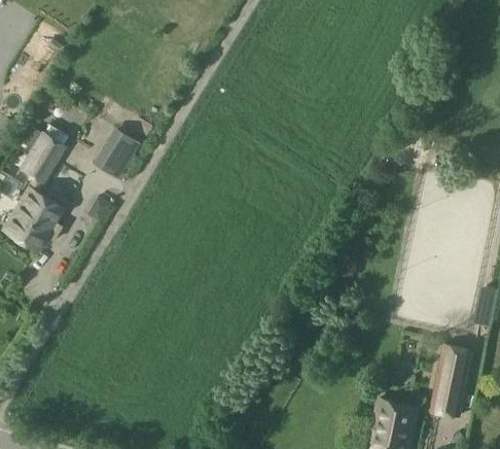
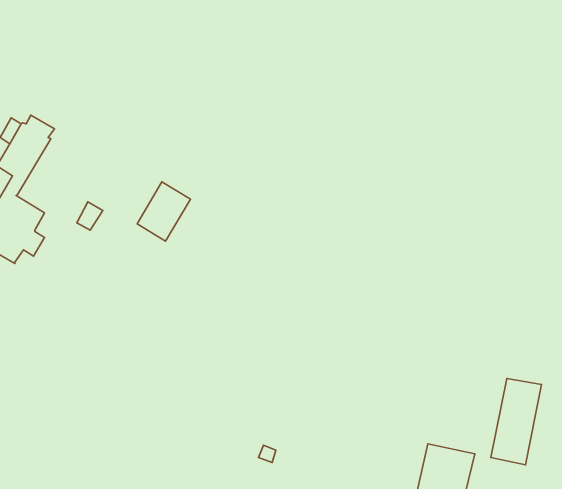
building: [94,127,138,176] -> [137,182,190,241]

